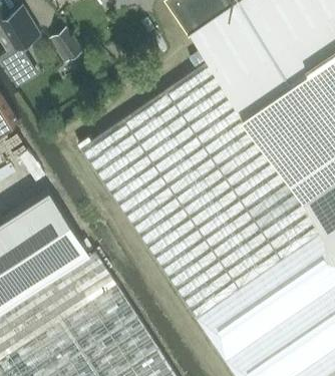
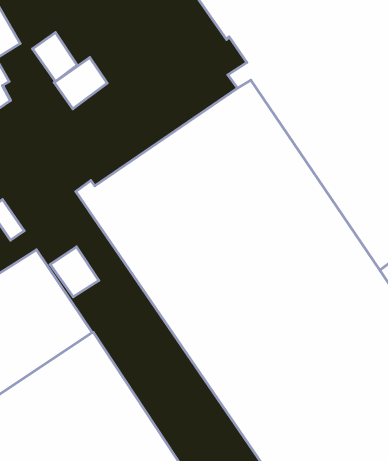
building: none -> [54,57,107,109]
building: none -> [50,247,99,297]

